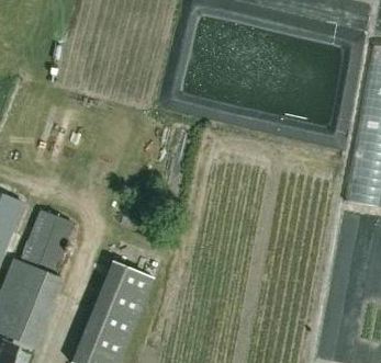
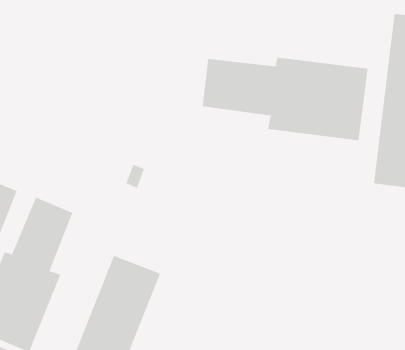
building: none -> [202,57,368,141]

